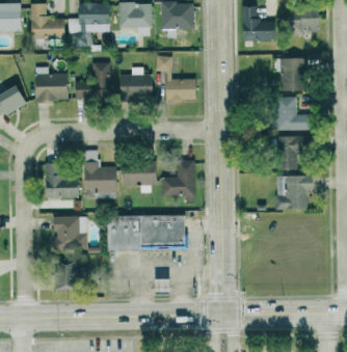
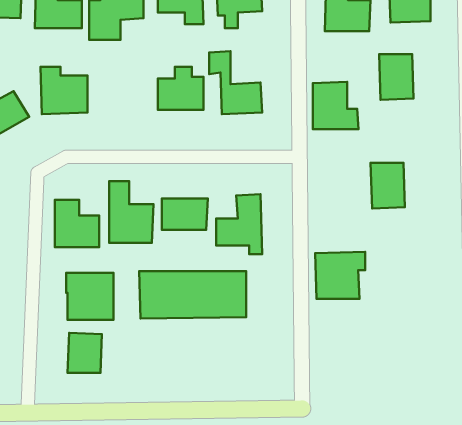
building: [75,63,110,99] -> none
building: [272,97,305,131] -> [313,82,359,129]
building: [276,175,313,210] -> [315,252,365,299]

